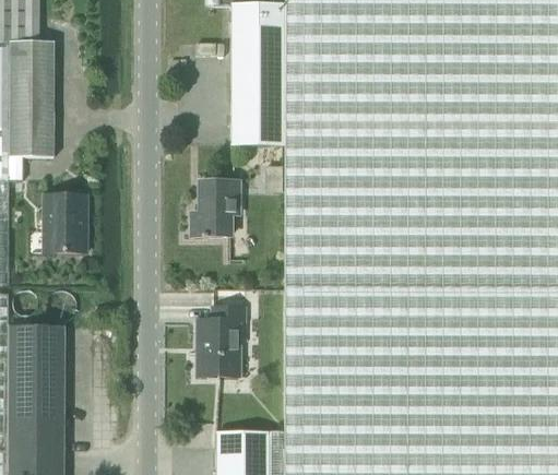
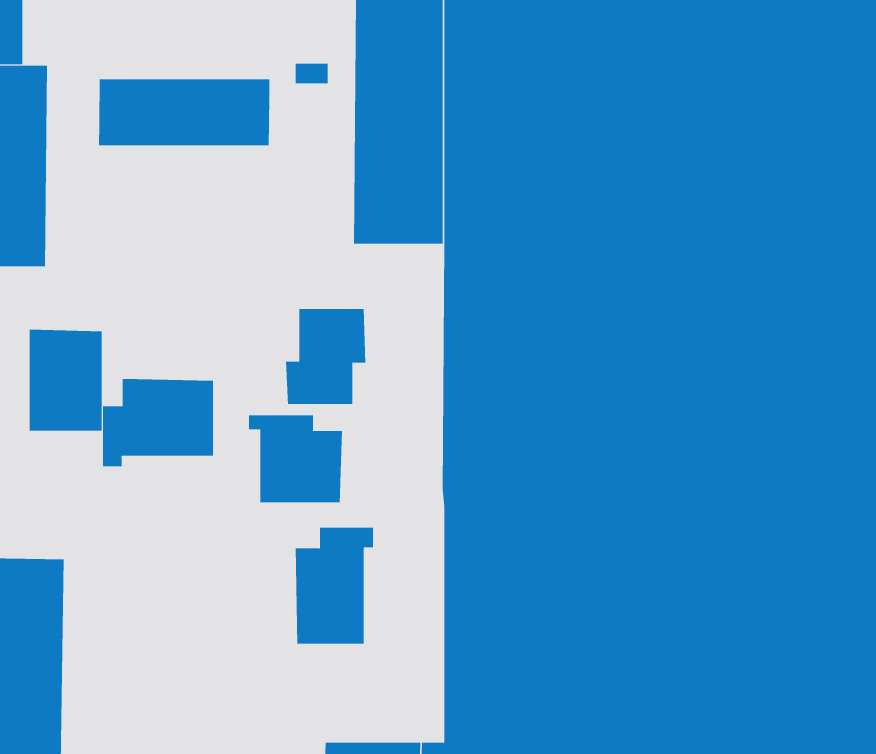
building: none -> [99,78,270,146]
building: none -> [102,378,213,467]
building: none -> [248,414,343,503]

